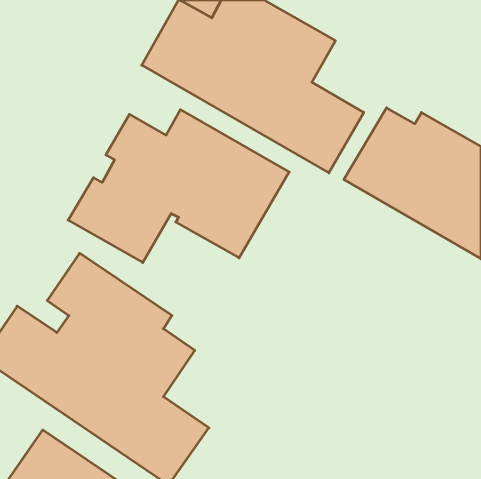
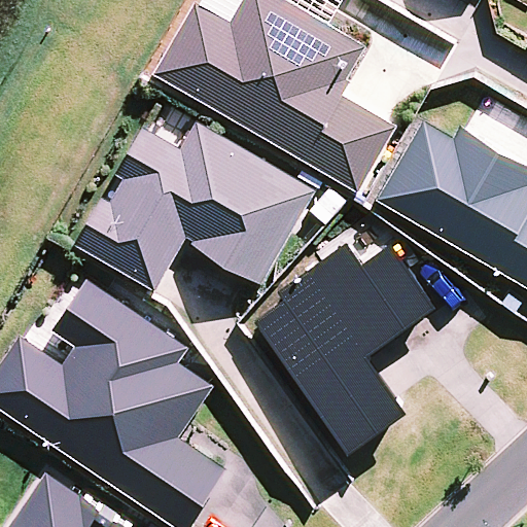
building: none -> [255,244,434,454]

